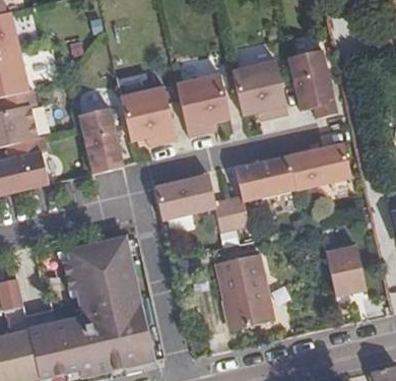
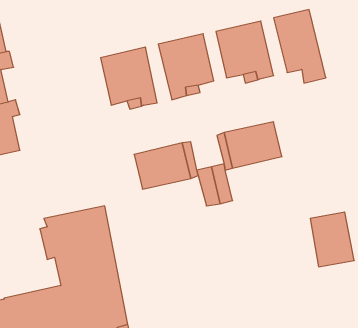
building: [76,107,121,173] -> none
building: [286,143,348,191] -> none
building: [215,255,274,331] -> none

